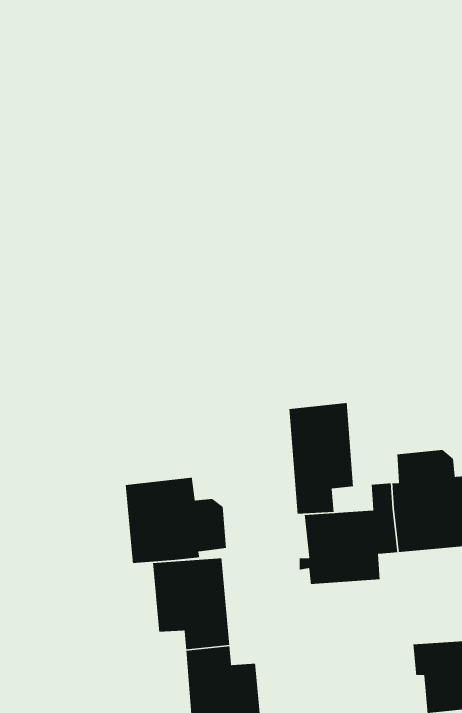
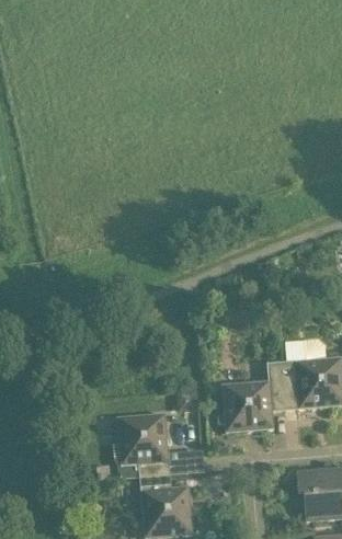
building: [289,402,354,514] -> none
building: [125,477,227,564] -> none

